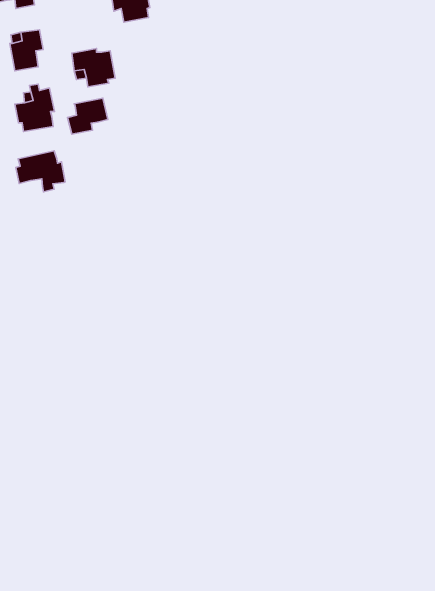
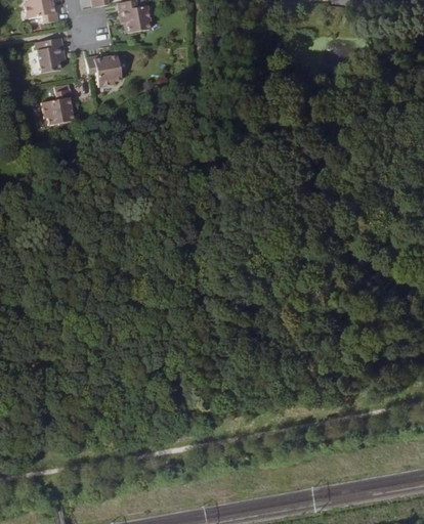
building: [67,98,108,134] -> none
building: [16,151,65,192] -> none

